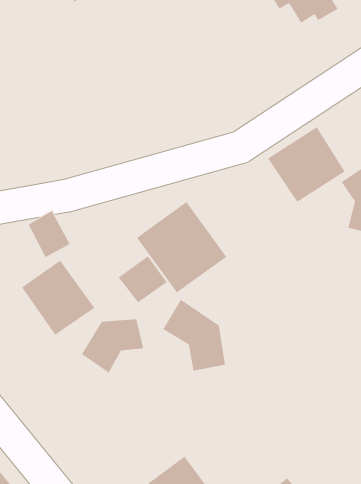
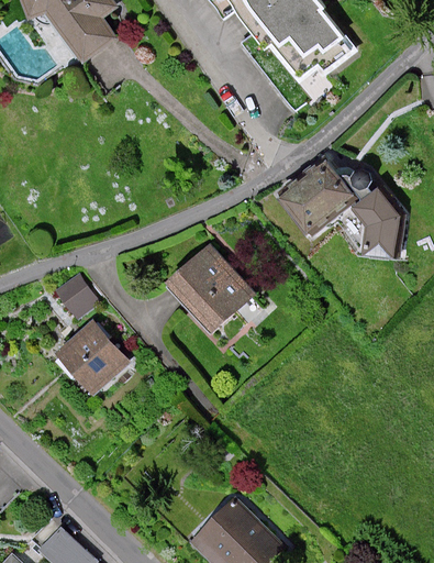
building: [118,255,167,303] -> none
building: [163,299,225,371] -> none
building: [81,319,144,374] -> none

